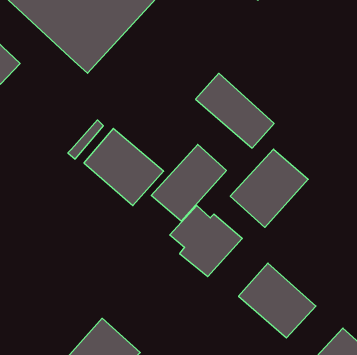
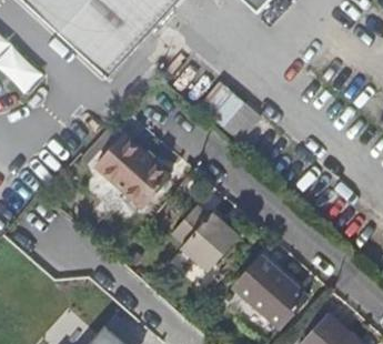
building: [151,144,226,221] -> none
building: [230,149,308,227] -> none

